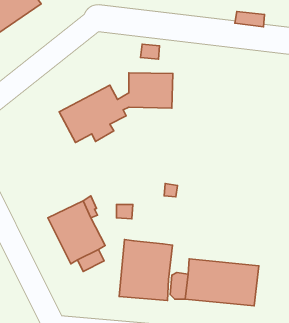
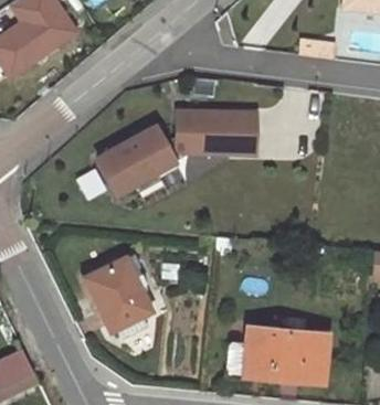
building: none -> [228,111,256,152]
building: [119,240,172,301] -> none

